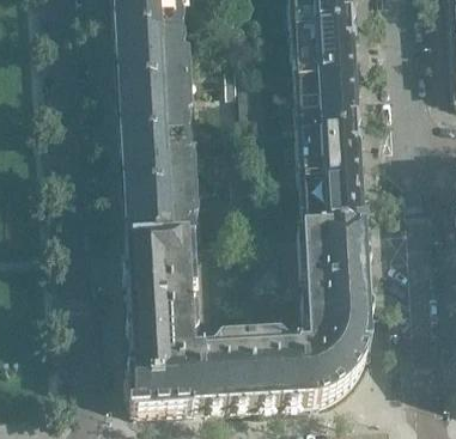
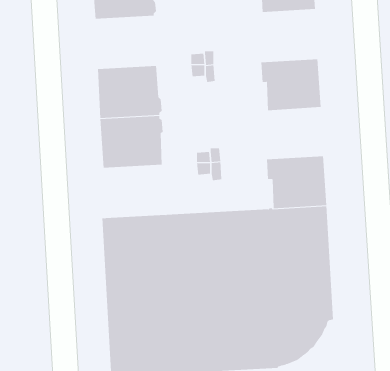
building: [292,17,354,73] -> none
building: [117,24,184,80] -> none
building: [298,121,360,176] -> none
building: [126,182,195,238] -> none

